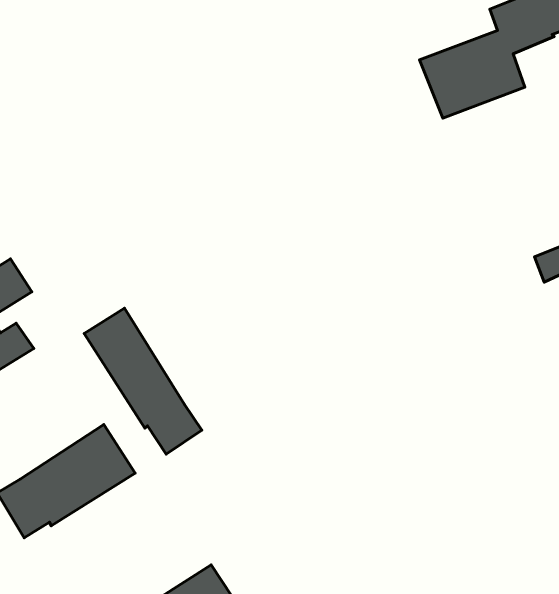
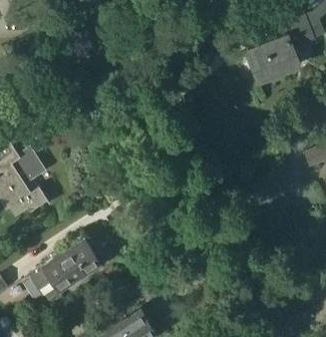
building: [84,308,202,454] -> none

